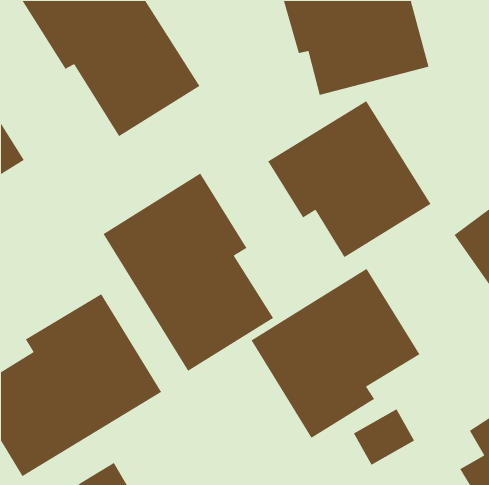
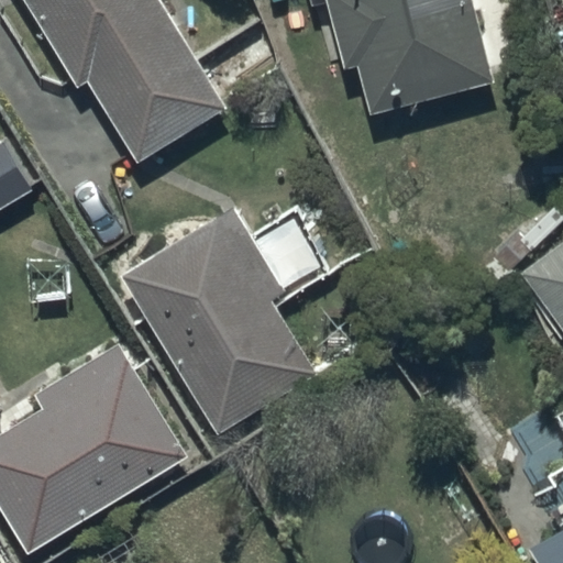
building: [267,100,431,258] -> none
building: [250,268,420,439] -> none

